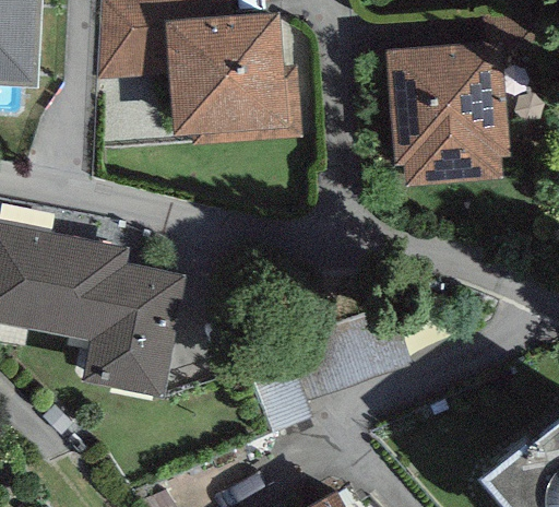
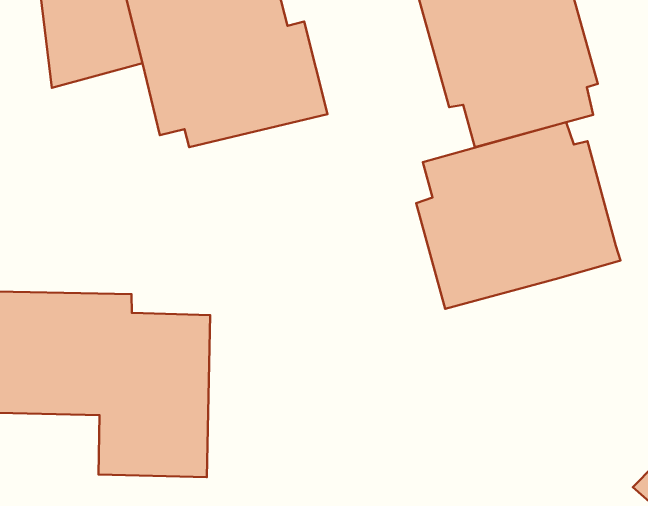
building: none -> [416,122,620,309]

